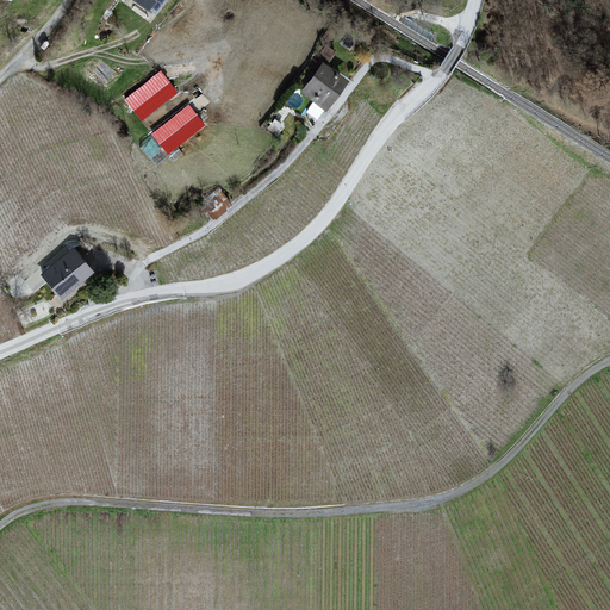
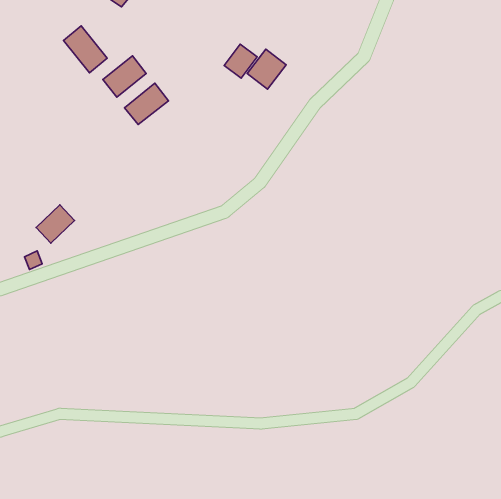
building: none -> [63,26,107,73]
building: none -> [224,44,257,78]

